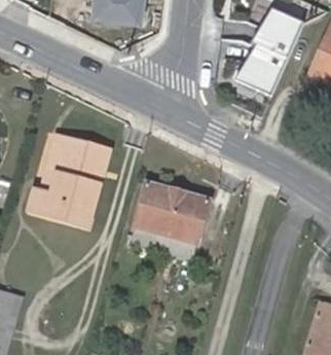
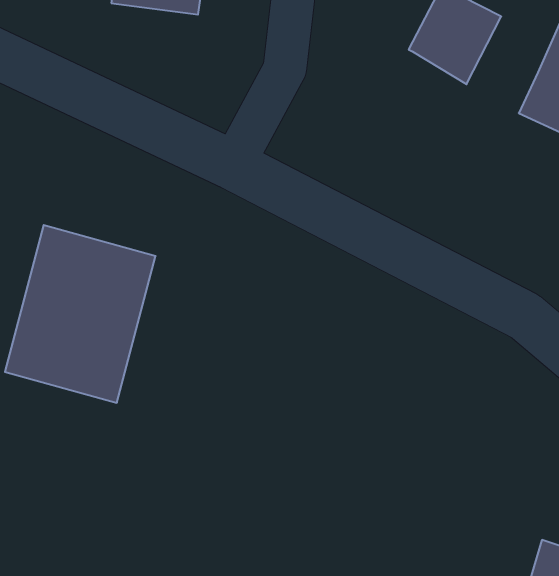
building: [233,40,280,91] -> none
building: [139,185,207,243] -> none

